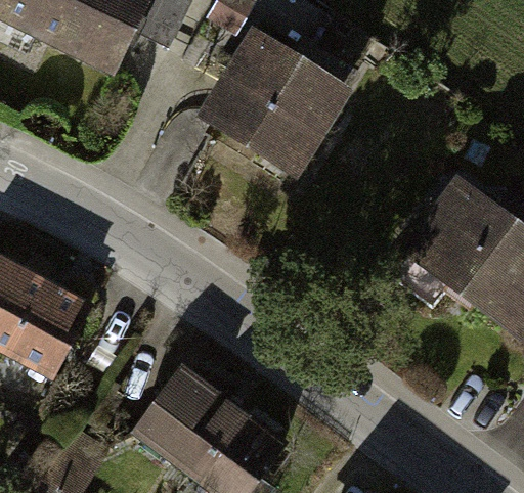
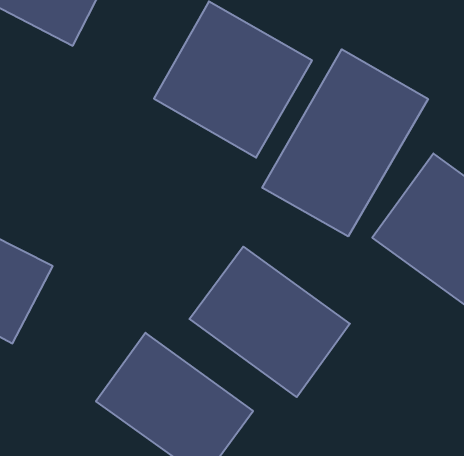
building: none -> [262,49,428,236]
building: none -> [189,247,350,397]

